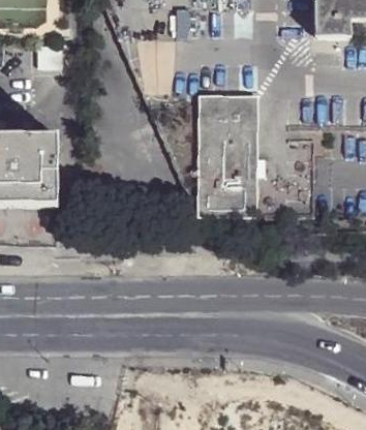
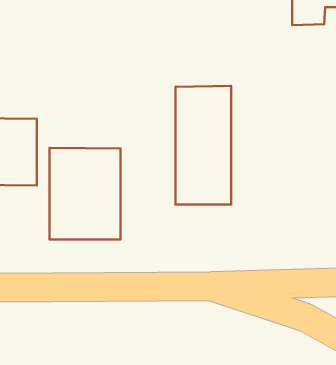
building: none -> [49,148,120,239]

